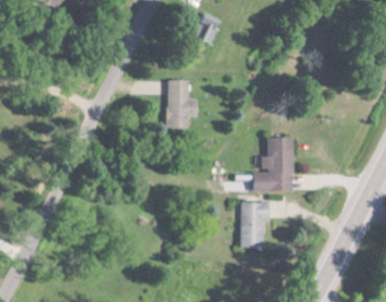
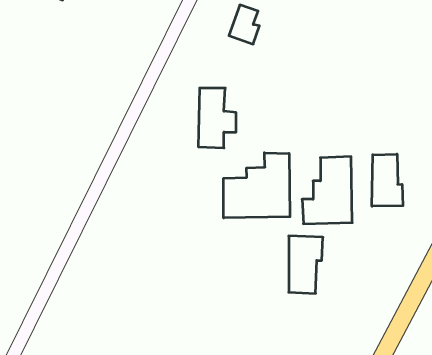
building: none -> [224,153,290,218]
building: none -> [372,154,403,206]

